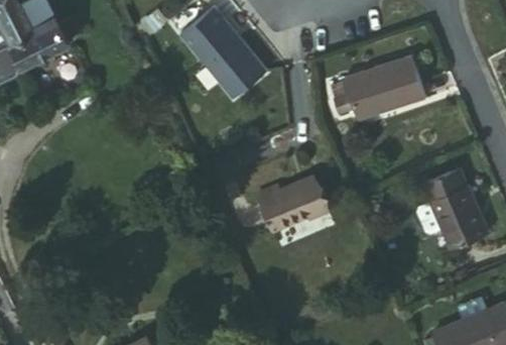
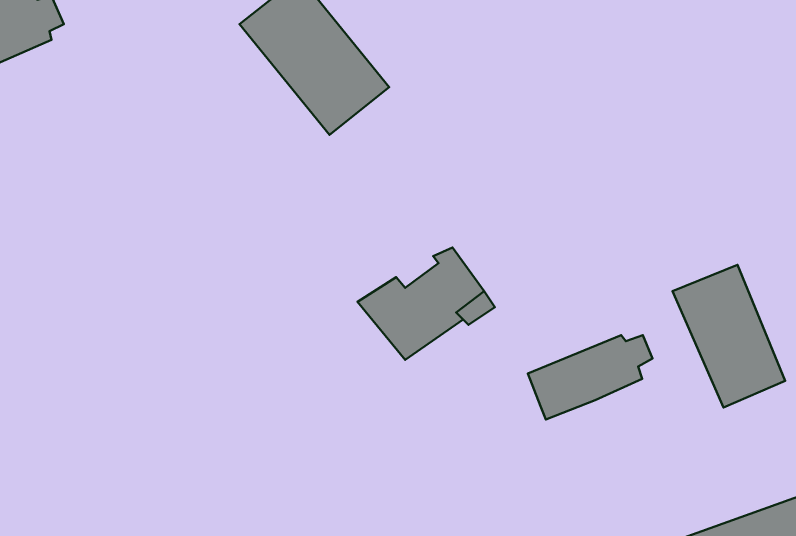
building: [343,55,426,115] -> none
building: none -> [528,335,652,420]

